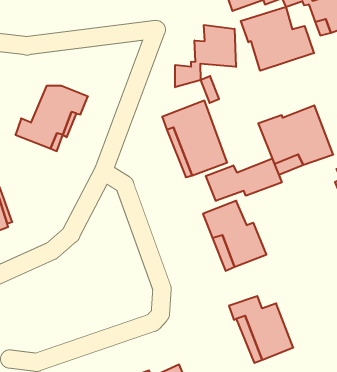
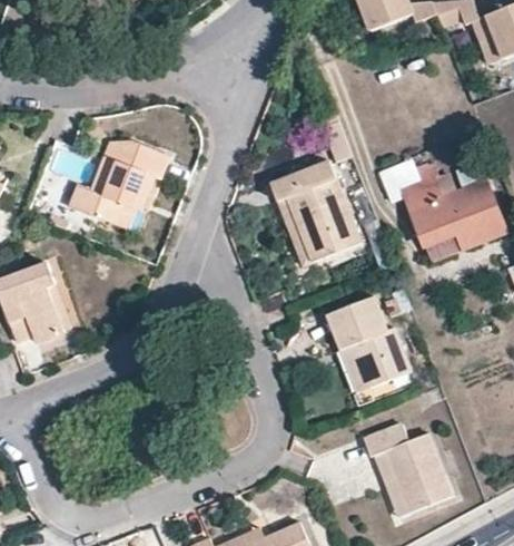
building: [241,7,314,71] -> none
building: [175,25,236,87] -> none
building: [206,159,282,201] -> none

